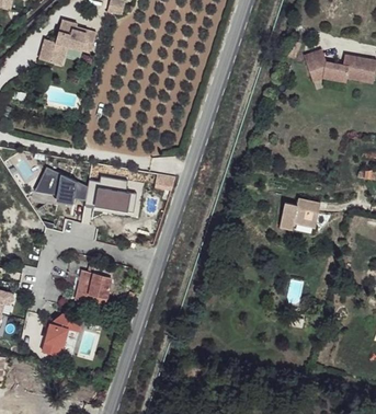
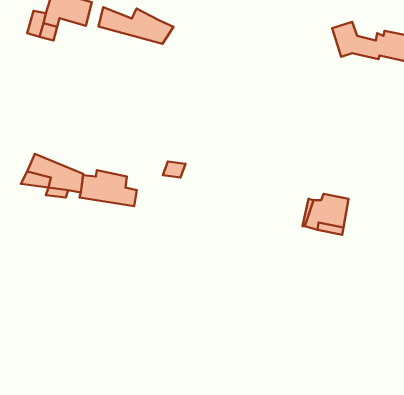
building: none -> [98,7,173,44]
building: [73,264,111,306] -> none
building: [41,311,80,356] -> none

